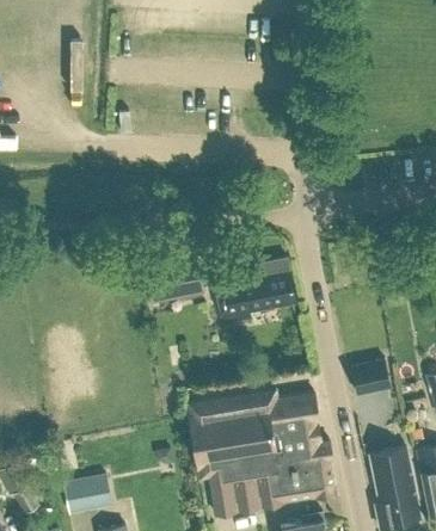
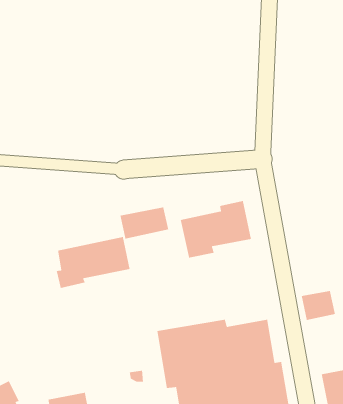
building: none -> [56,236,130,289]

